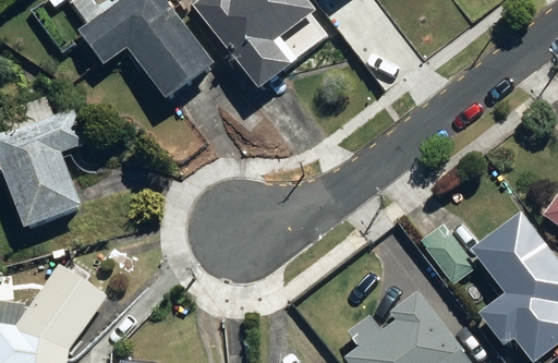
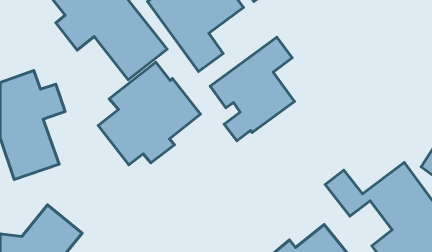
building: none -> [210,37,294,141]
building: none -> [98,62,201,165]

